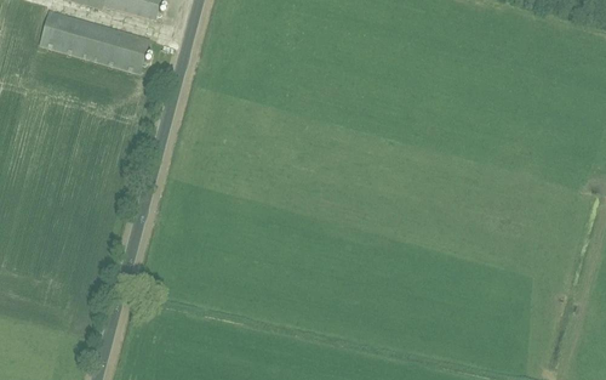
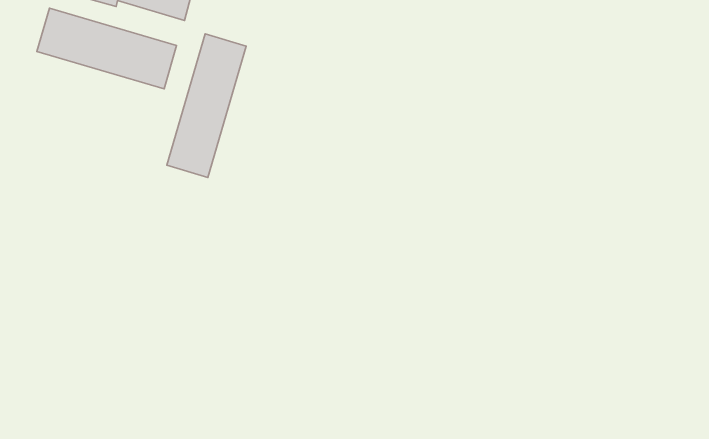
building: none -> [167,34,246,177]

